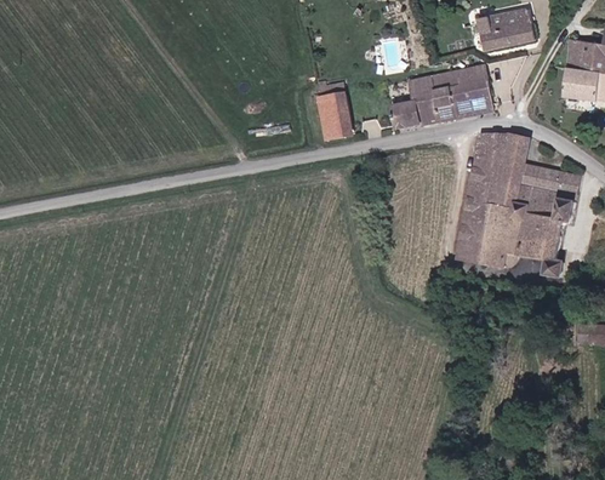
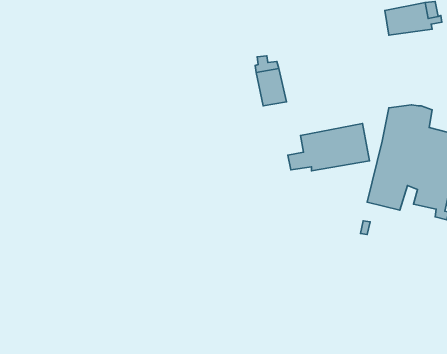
building: [392,64,492,122] -> [288,124,369,171]

